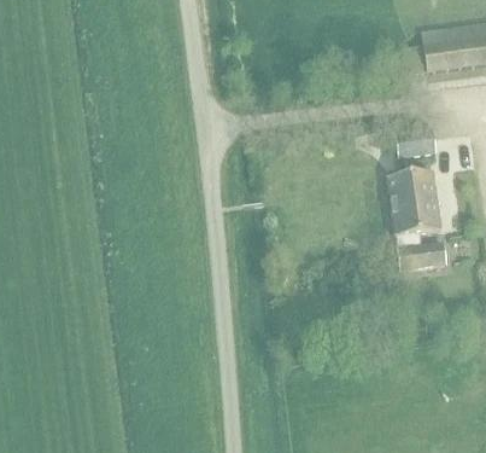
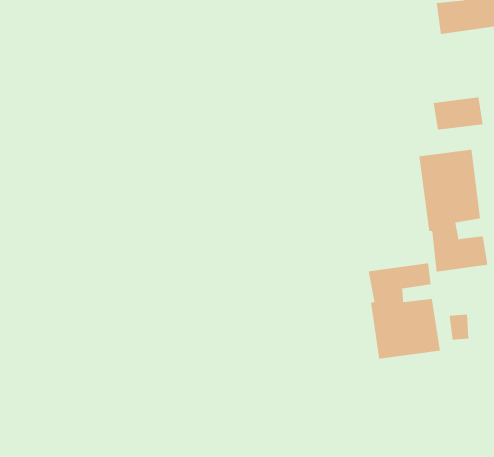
building: none -> [368,263,441,360]

